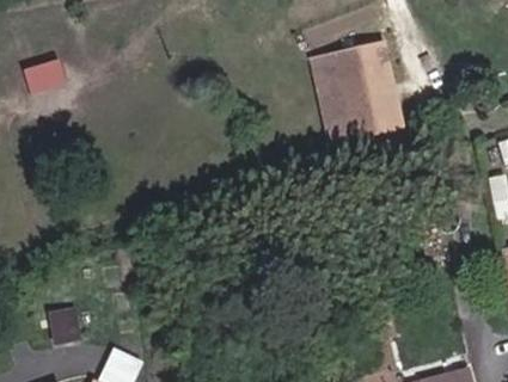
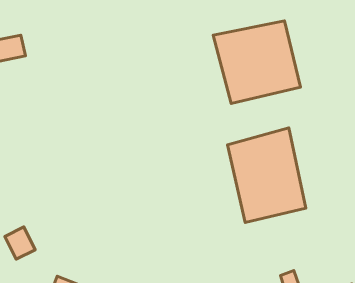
building: none -> [228,128,306,222]

